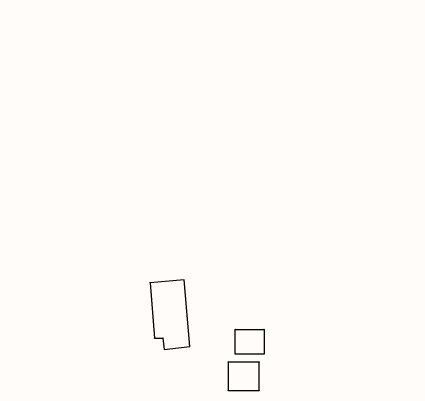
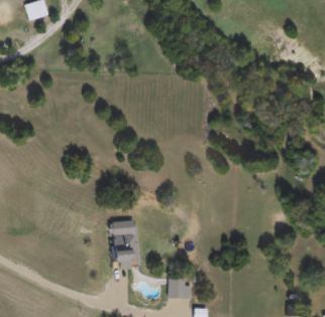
building: [235,329,264,354] -> none

